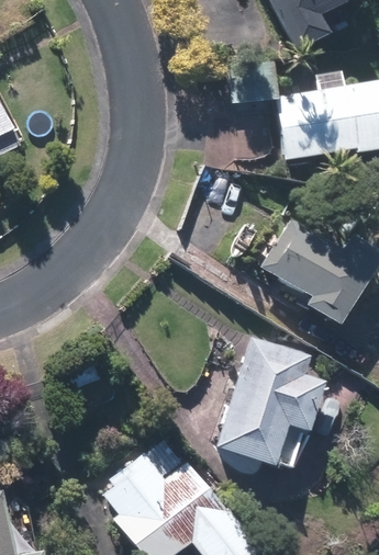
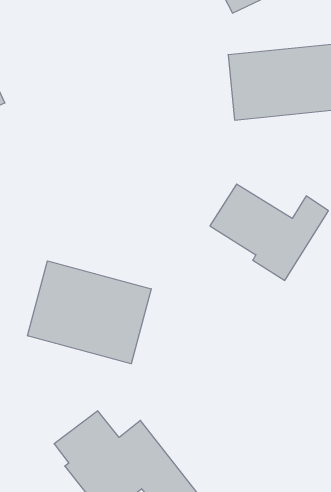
building: none -> [28,261,151,364]
building: [200,331,305,461] -> none

